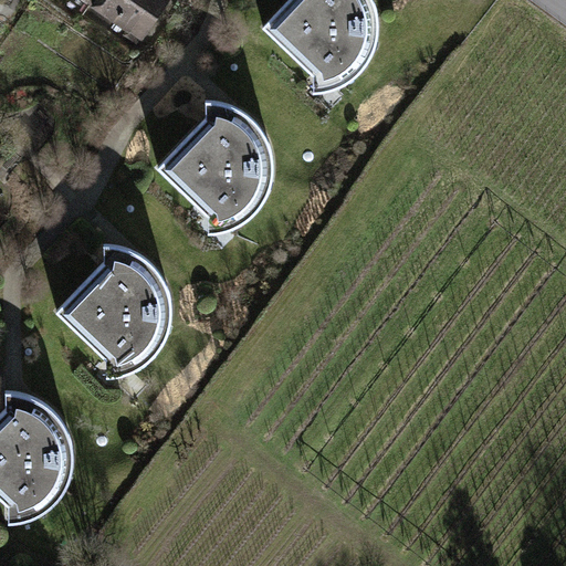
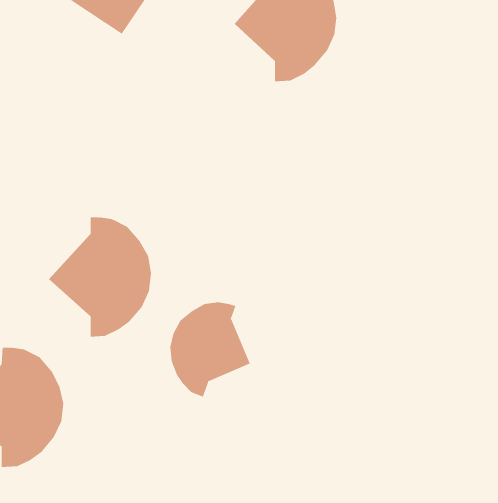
building: [157,98,273,234] -> none
building: none -> [170,301,251,398]

